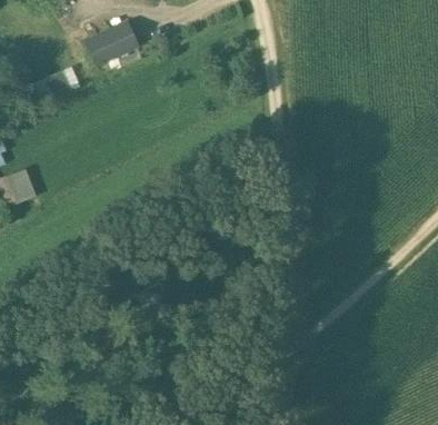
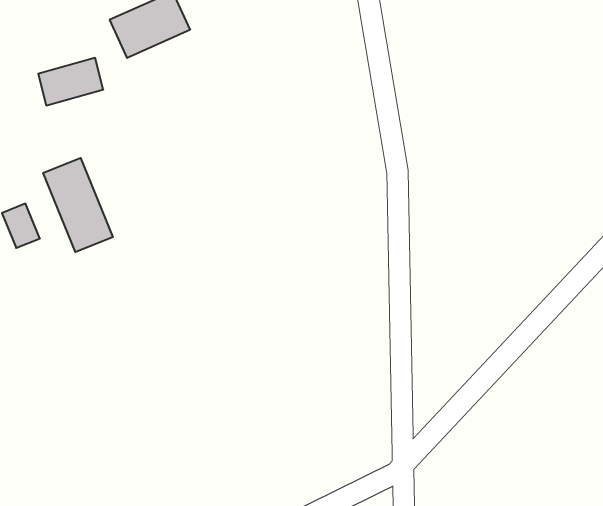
building: none -> [43,158,113,252]

